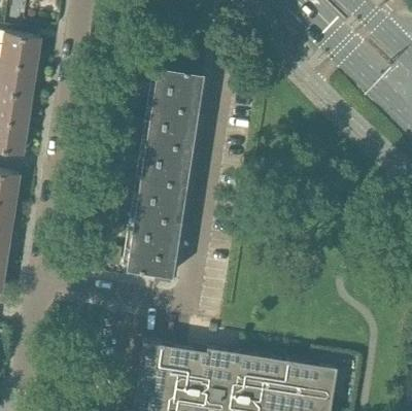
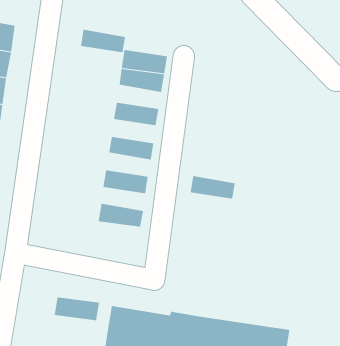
building: [148,104,198,130] -> [80,29,126,53]
building: [143,141,192,167] -> none
building: [137,177,186,203] -> [190,175,236,199]
building: [132,214,180,240] -> none
building: [126,251,175,277] -> [54,297,100,321]

